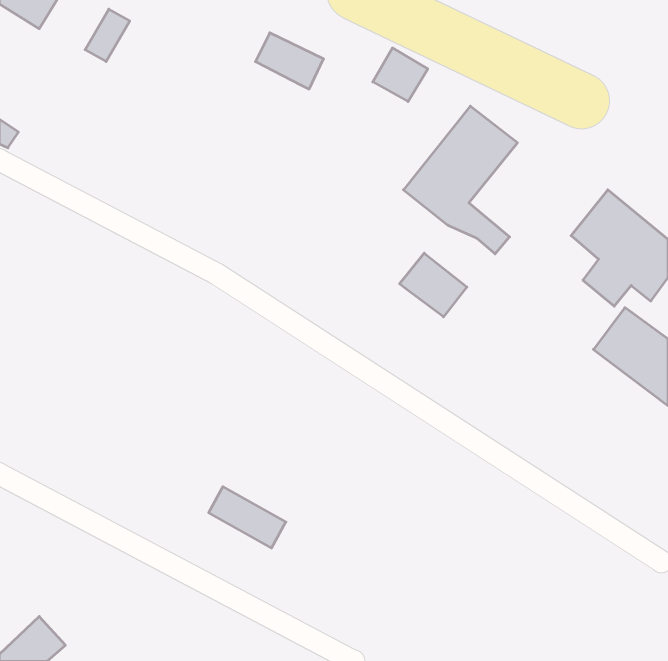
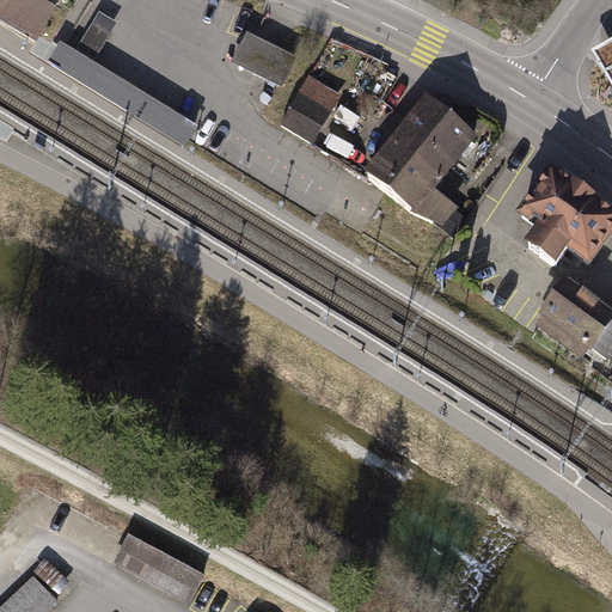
building: [373,48,428,102] -> [282,90,332,139]
building: [400,253,467,317] -> none
building: [209,487,286,548] -> [123,537,194,593]

